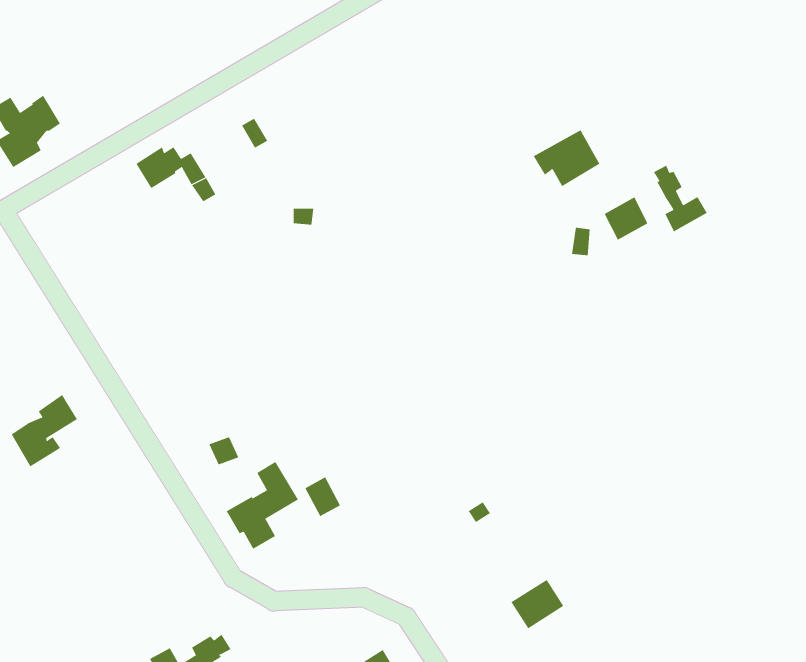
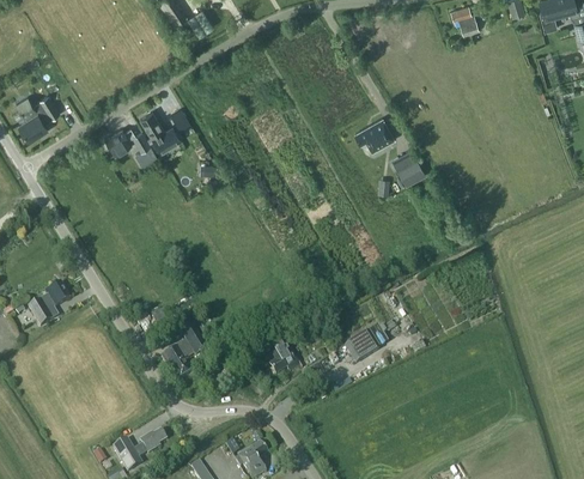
building: none -> [139,109,181,151]
building: [653,165,708,232] -> none
building: none -> [268,339,299,374]
building: [511,579,564,629] -> [345,331,378,362]

